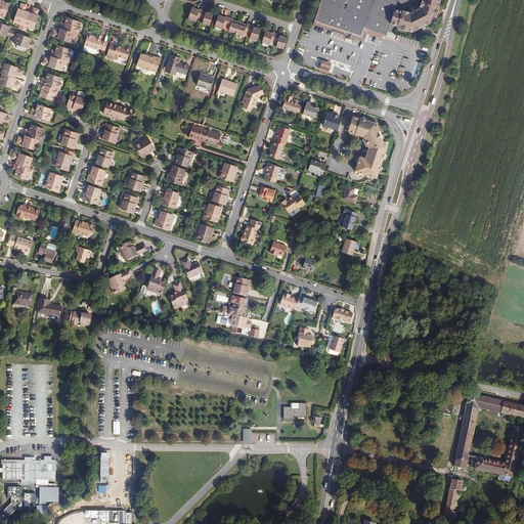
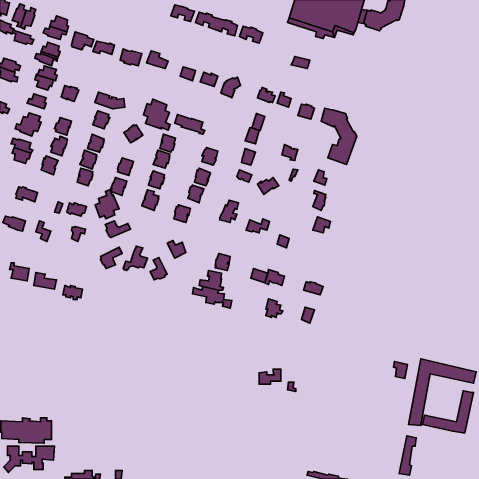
building: none -> [144,99,170,130]
building: none -> [95,189,119,219]

